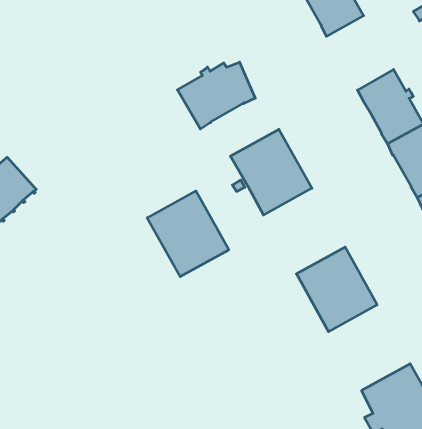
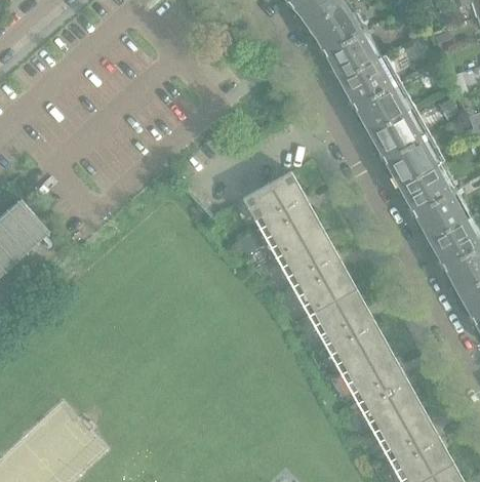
building: none -> [338,57,405,131]
building: [177,62,255,129] -> none
building: [147,191,229,277] -> [276,229,357,314]
building: none -> [341,345,422,430]

